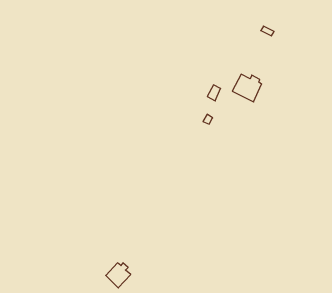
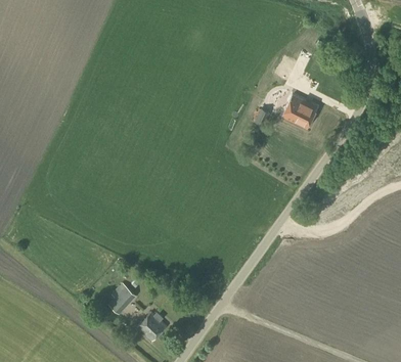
building: none -> [109,280,137,312]

